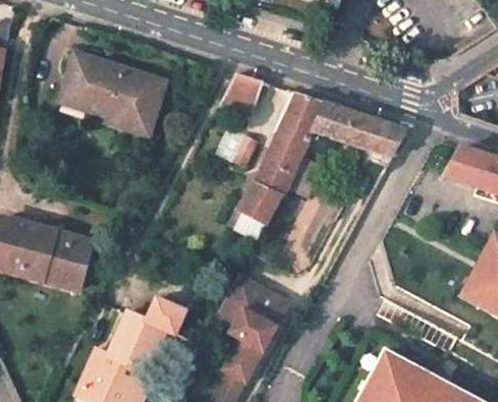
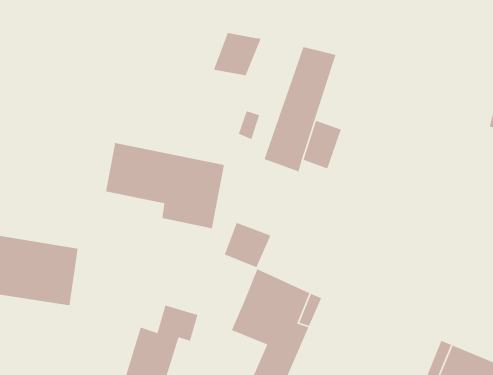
building: [61,53,164,134] -> [105,142,225,229]
building: [311,102,406,157] -> none
building: [239,183,281,224] -> [224,222,272,268]

